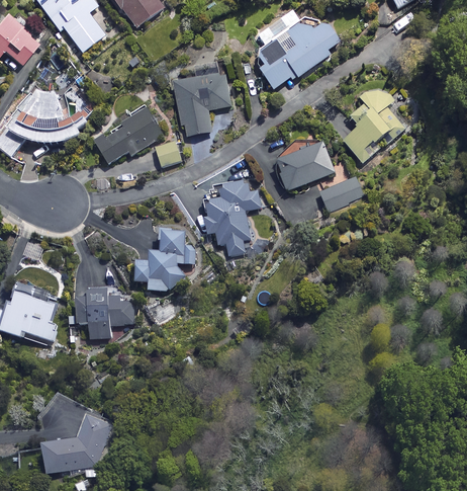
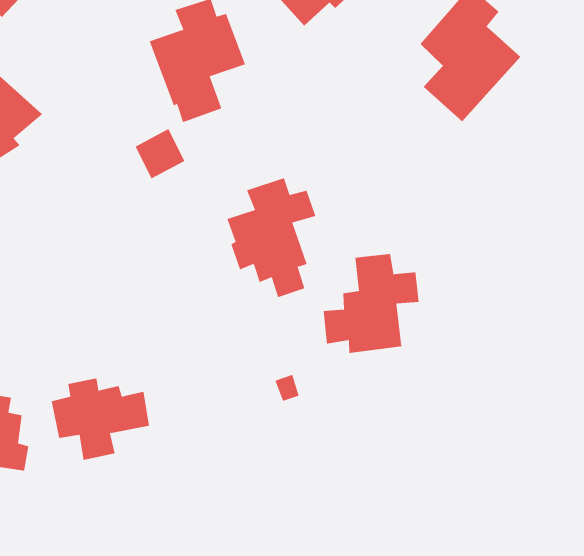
building: [92,104,164,164] -> none
building: [276,141,335,190] -> none
building: [319,177,363,212] -> none
building: [134,230,198,291] -> [323,253,419,353]

